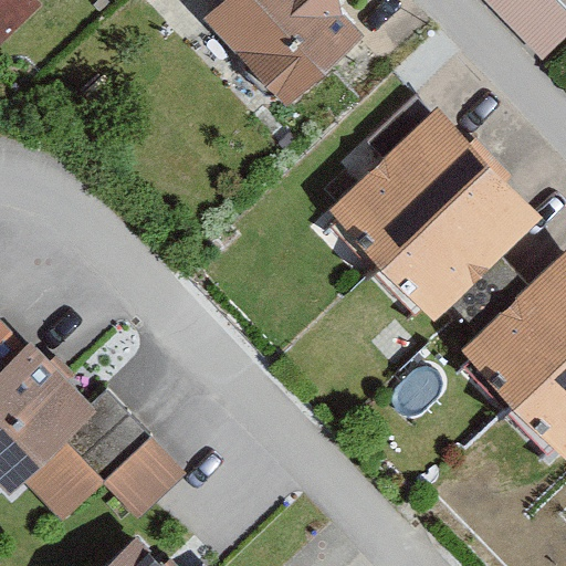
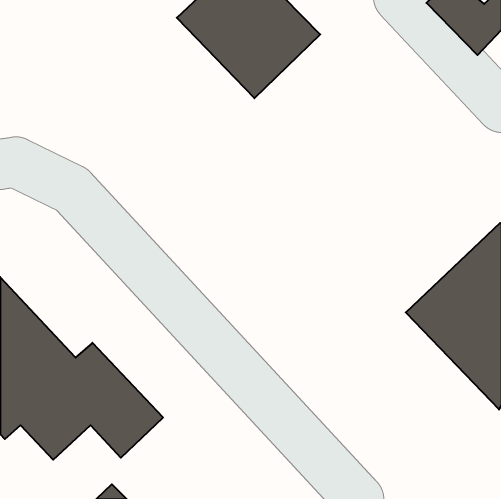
building: [327,108,541,321] -> none

